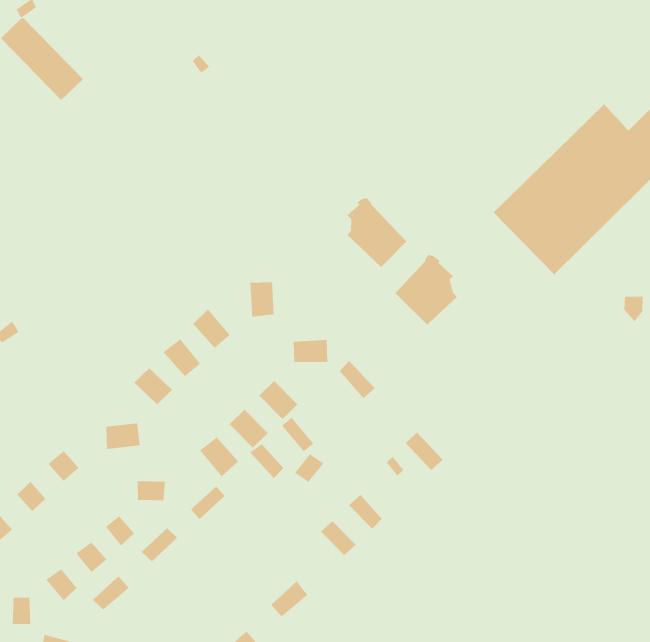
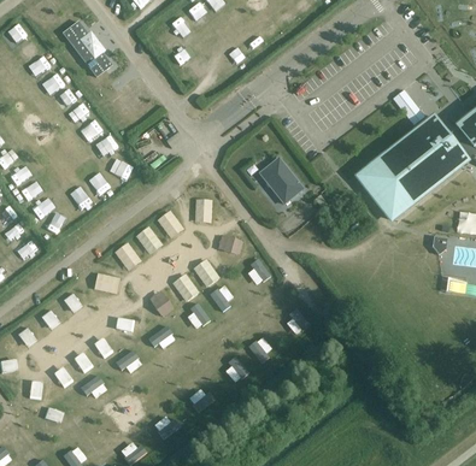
building: [395,254,457,325] -> none

